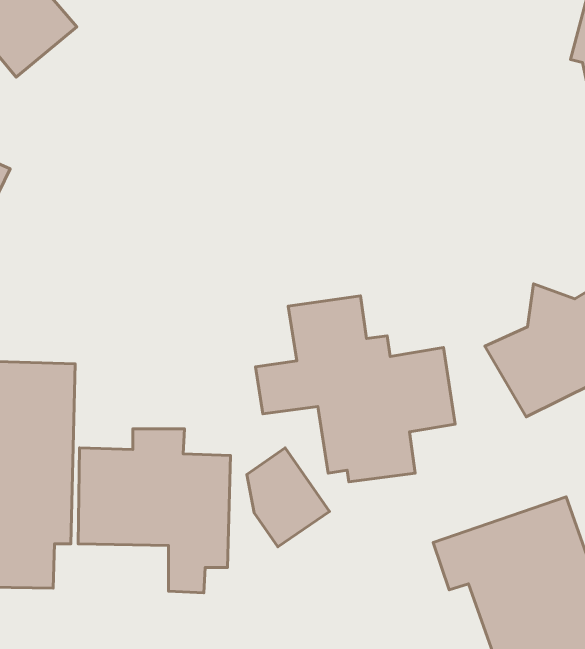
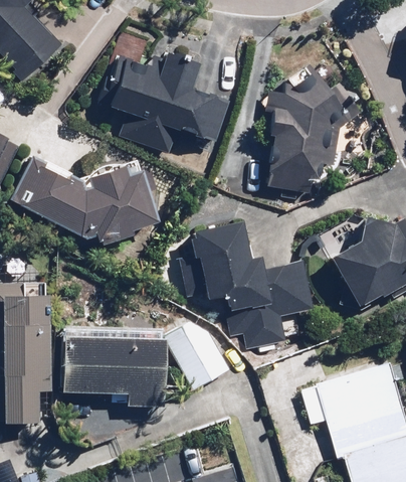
building: none -> [89,49,232,158]
building: none -> [262,67,349,200]
building: none -> [11,156,165,251]

